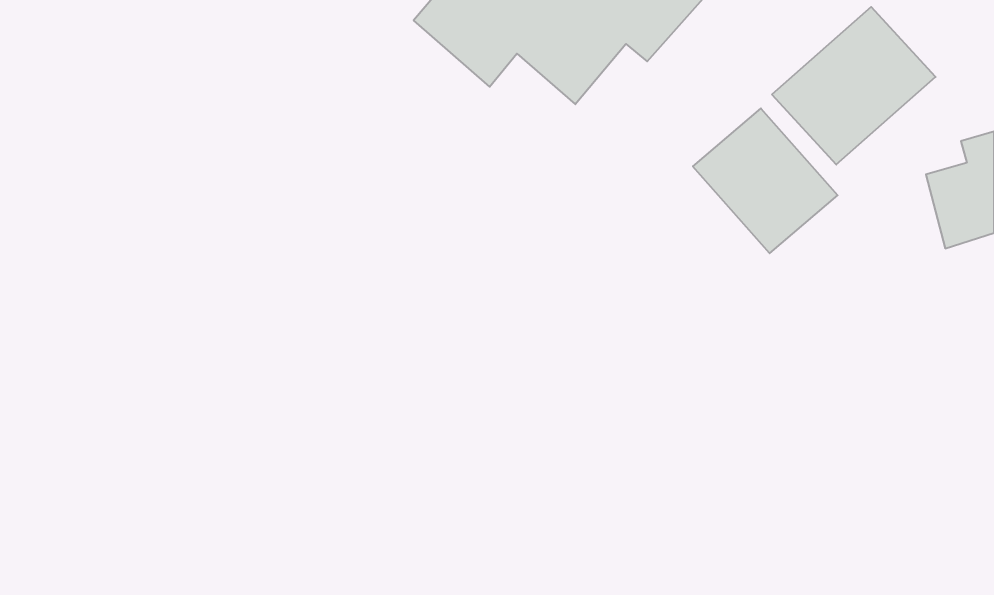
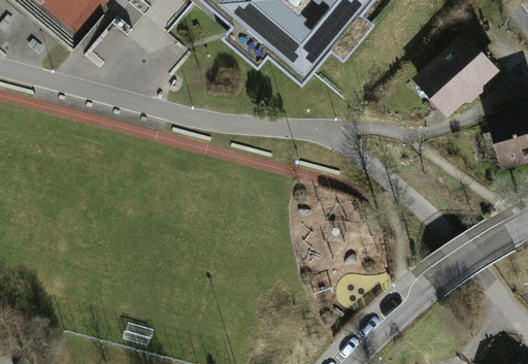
building: [693,108,838,253] -> none

